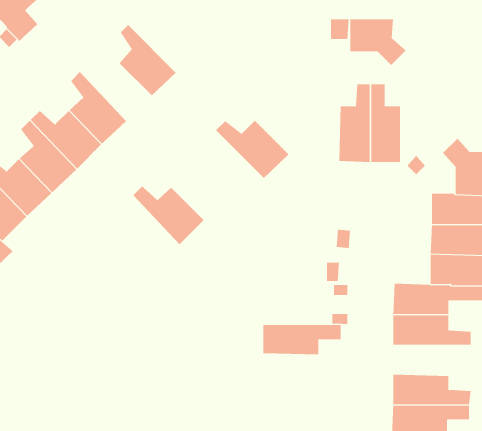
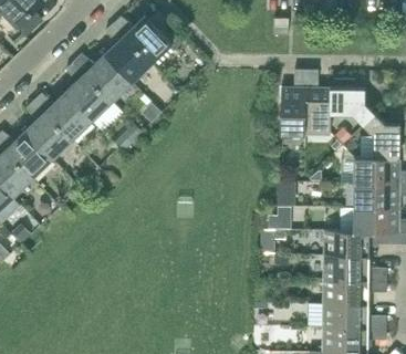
building: [350,19,406,66] -> [330,90,375,127]
building: [215,119,290,179] -> [112,15,171,63]
building: [132,186,204,245] -> [73,54,131,102]
building: [263,325,341,355] -> [323,281,386,305]

